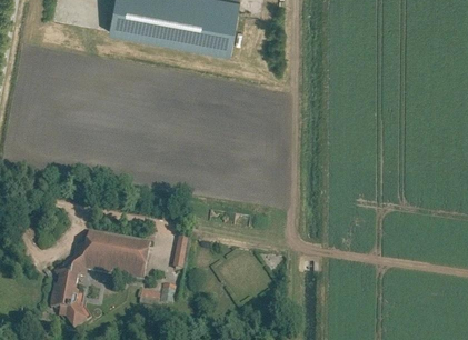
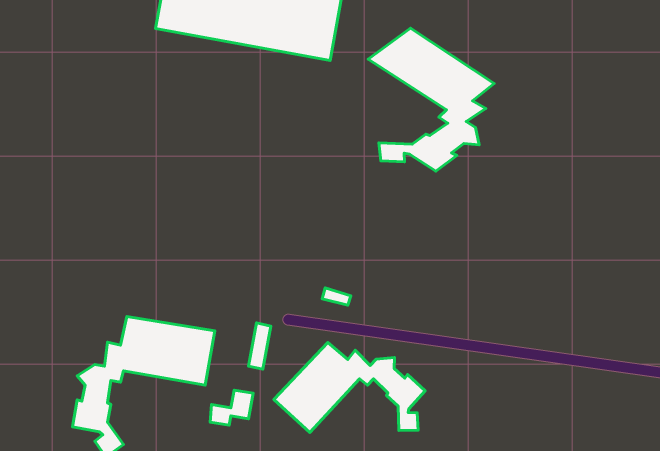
building: none -> [368,28,494,171]
building: none -> [274,343,425,433]

